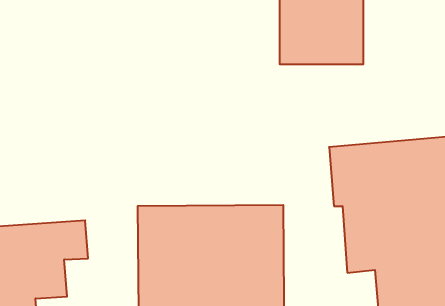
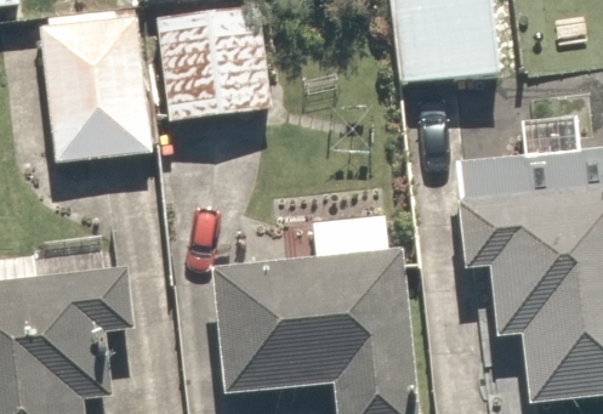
building: none -> [158,35,261,134]
building: none -> [45,36,144,172]

